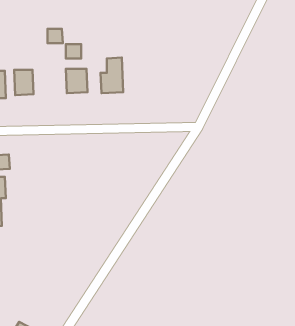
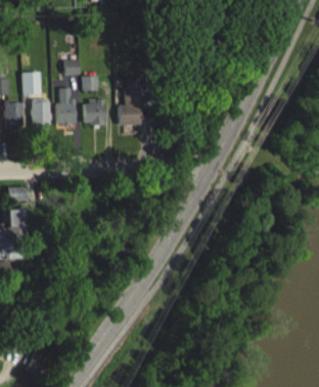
building: none -> [22,72,42,94]
building: none -> [56,87,76,127]

